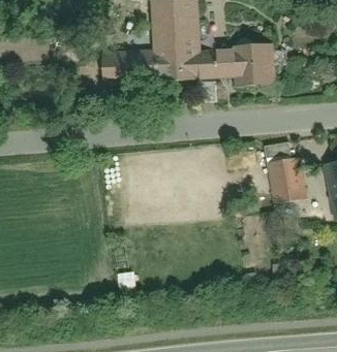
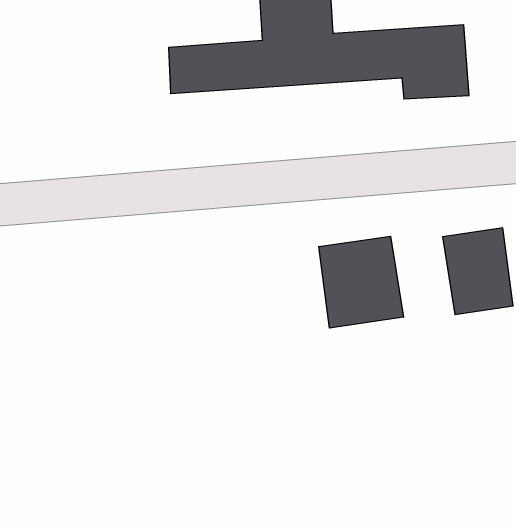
building: none -> [319,236,403,328]

